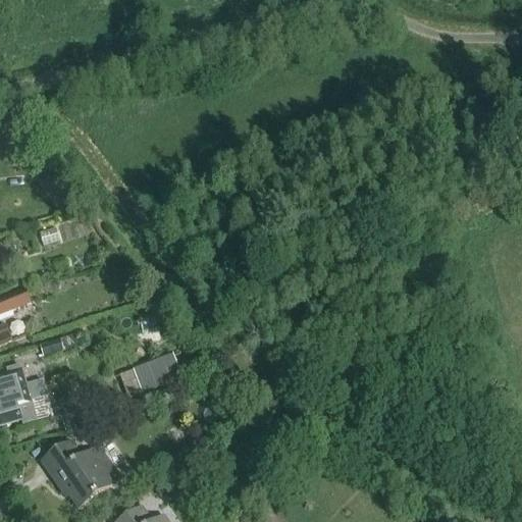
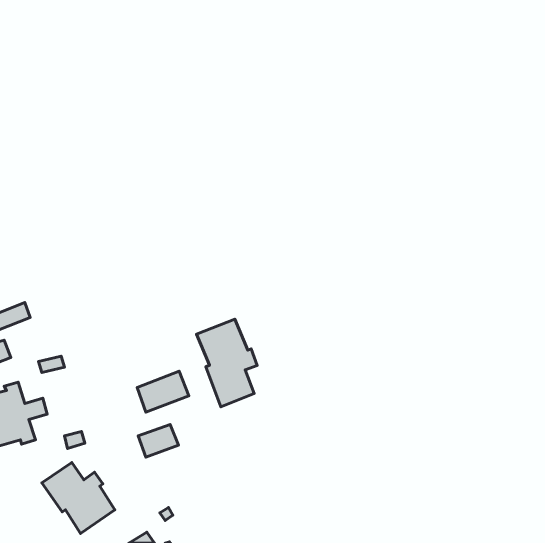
building: none -> [196,319,257,407]
building: none -> [138,424,178,457]

